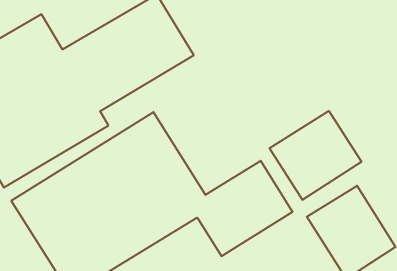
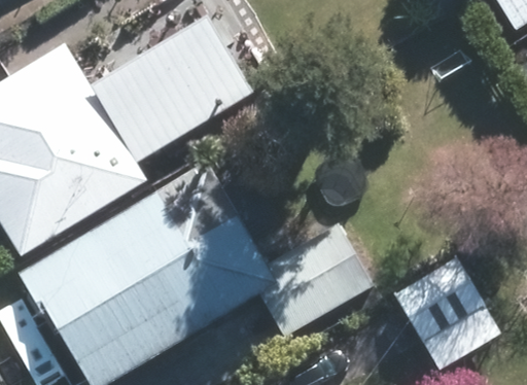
building: [270,111,361,200] -> none

